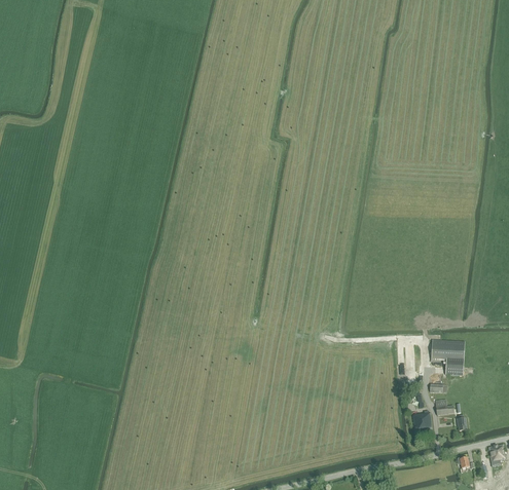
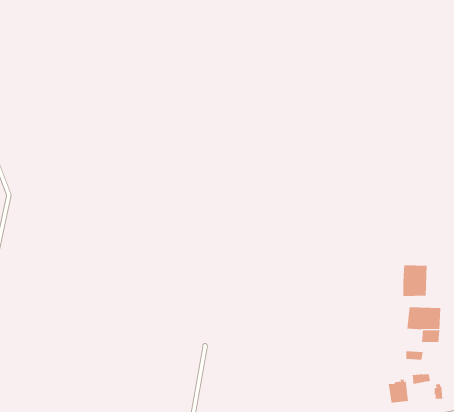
building: none -> [403,265,427,297]

